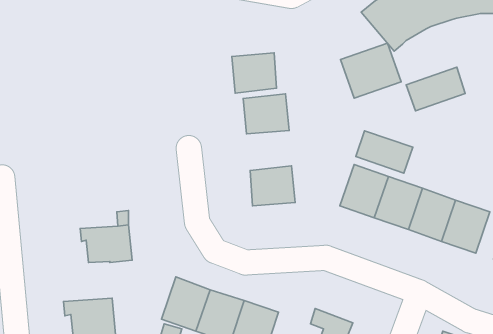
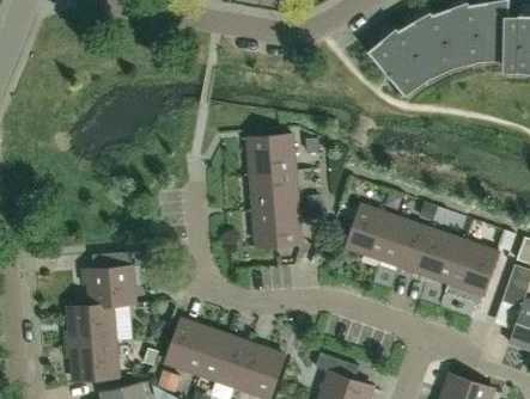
building: [340,43,401,98] -> none
building: [232,53,277,93] -> [251,171,297,211]
building: [406,67,465,111] -> none
building: [356,131,413,173] -> none
building: none -> [65,303,115,344]

